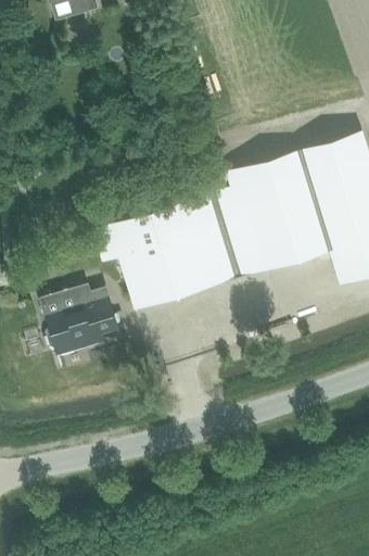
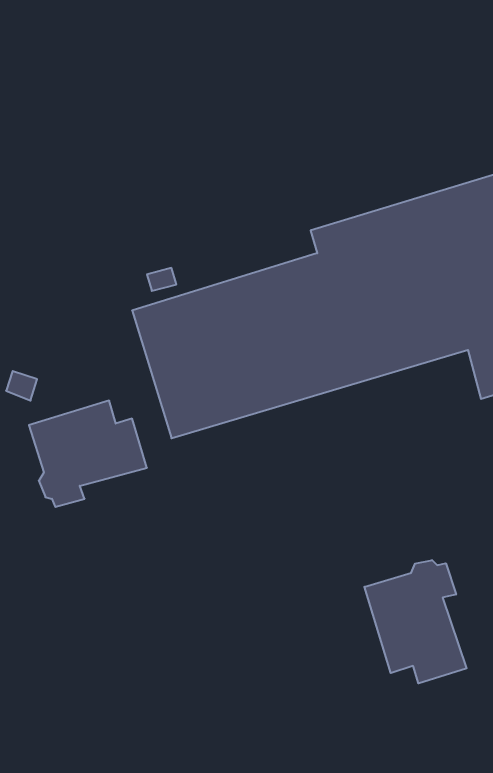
building: none -> [364,560,467,683]

